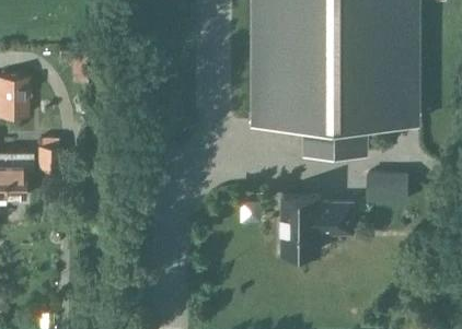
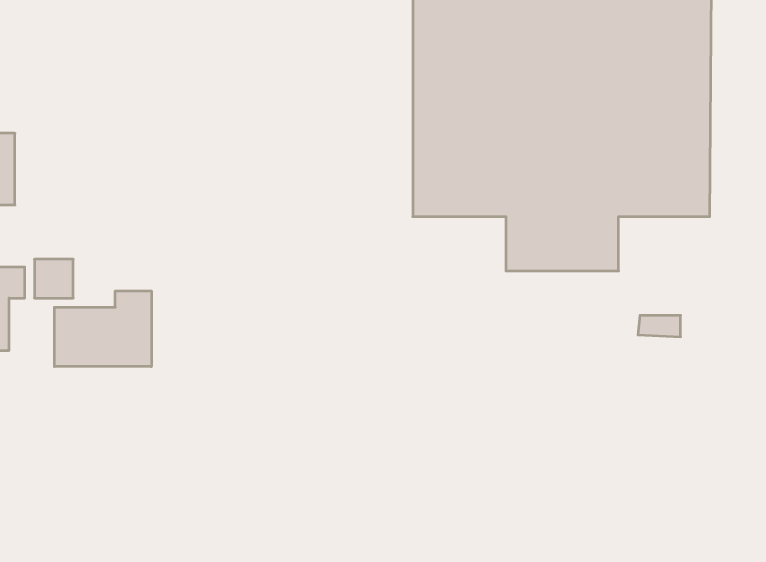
building: none -> [54,291,151,367]
building: [281,200,351,255] -> none

